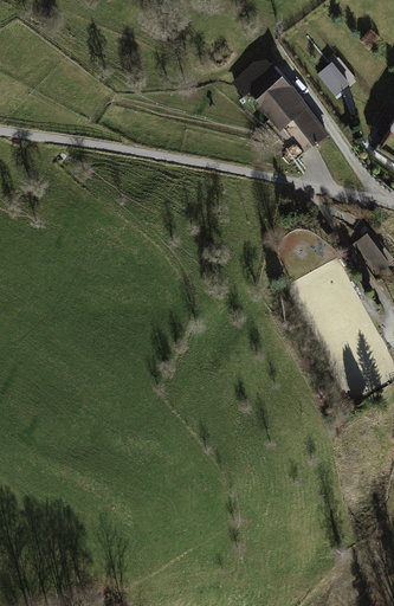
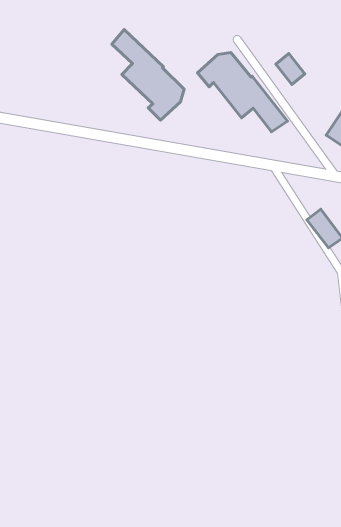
building: none -> [112,29,184,120]

